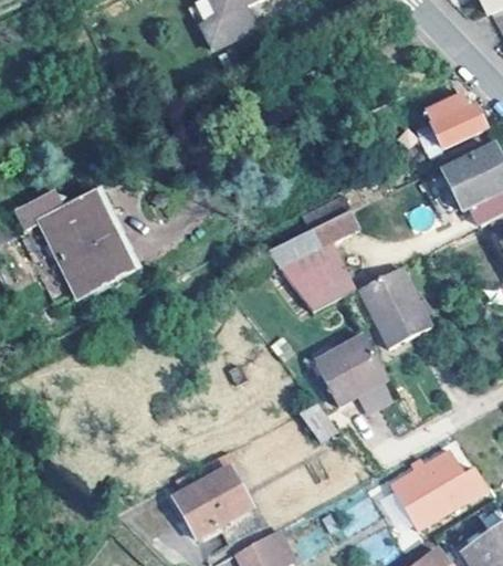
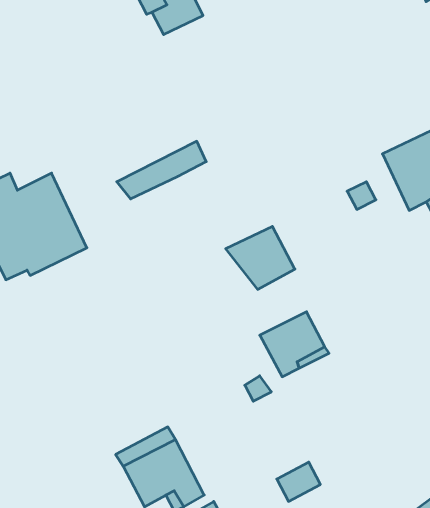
building: [426,95,485,148] -> none
building: [266,210,359,270] -> [117,141,206,199]
building: [364,263,438,346] -> none
building: [389,450,478,531] -> none

